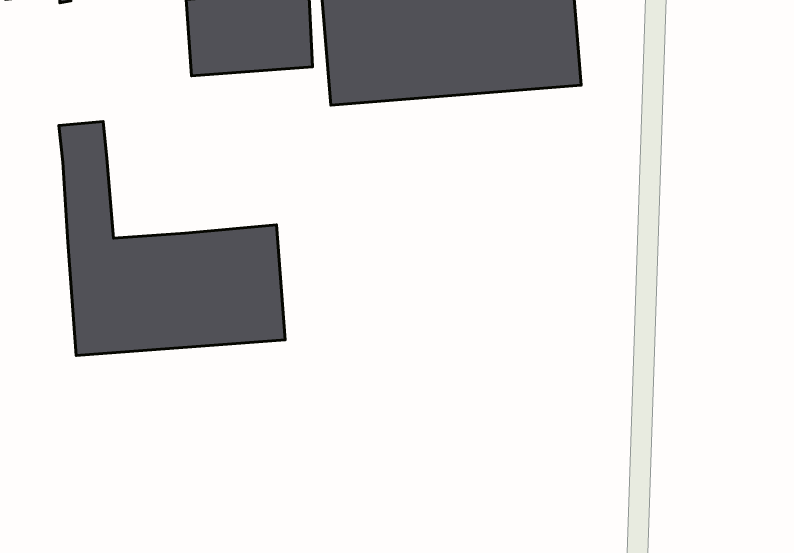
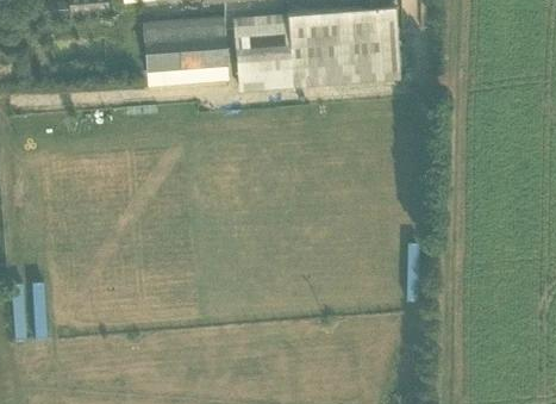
building: [59,121,285,356] -> none

